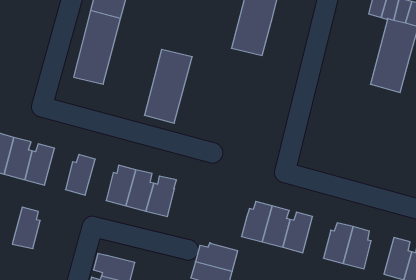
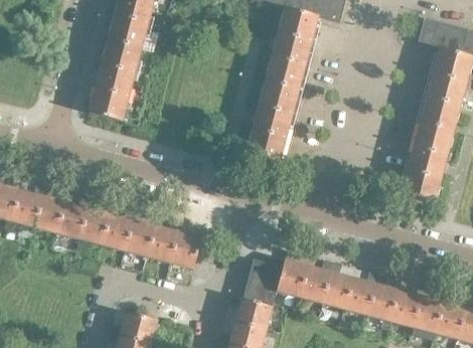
building: [144,49,192,123] -> [247,80,300,163]
building: none -> [402,121,454,203]
building: none -> [103,204,134,250]
building: [12,207,40,249] -> [57,192,89,238]
building: none -> [244,258,283,307]
building: none -> [345,269,376,315]
building: none -> [414,287,447,333]

